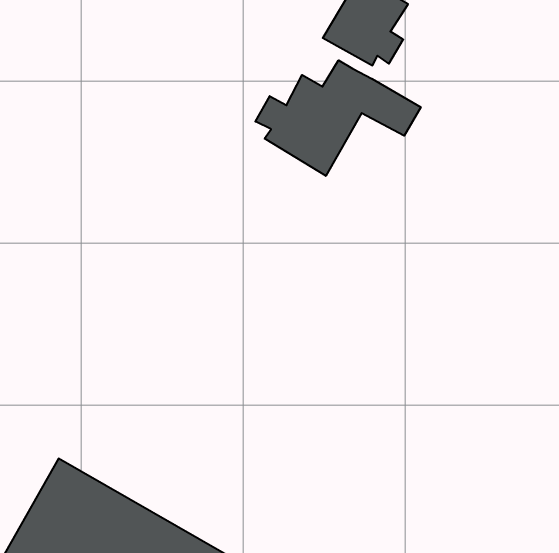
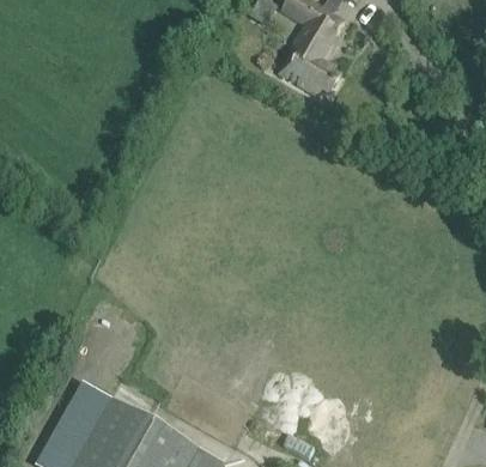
building: [255,60,421,176] -> none

